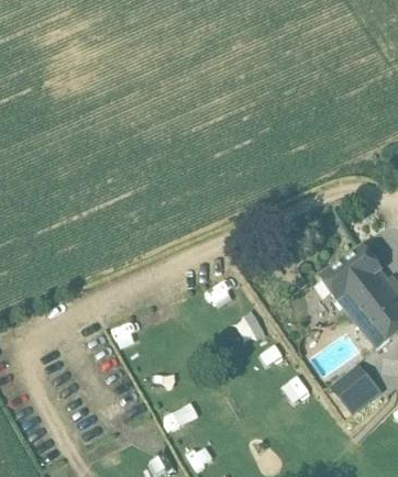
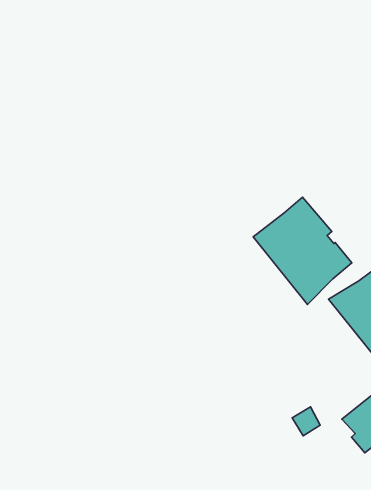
building: none -> [253,197,352,304]

